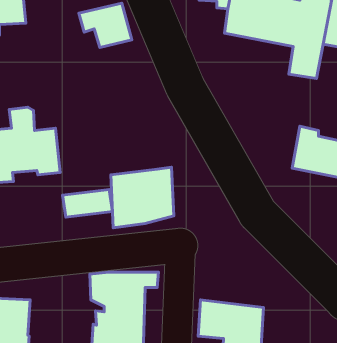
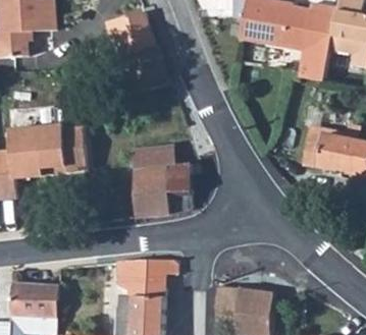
building: none -> [115,44,169,95]
building: [63,189,112,217] -> [130,144,176,169]

